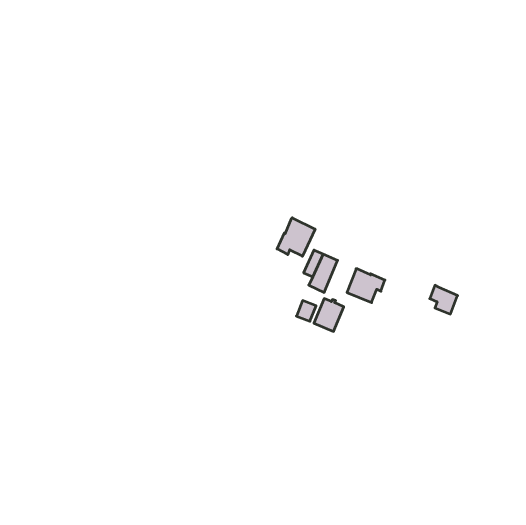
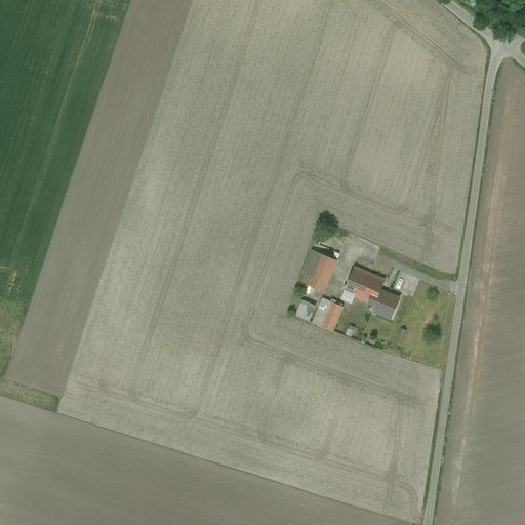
building: [277,218,315,256] -> none
building: [430,285,458,314] -> [370,288,398,317]

